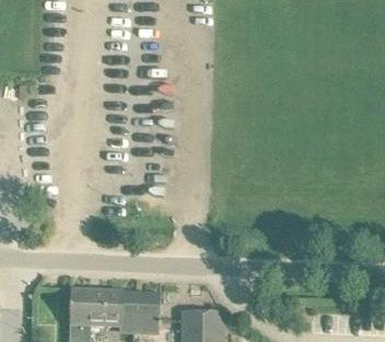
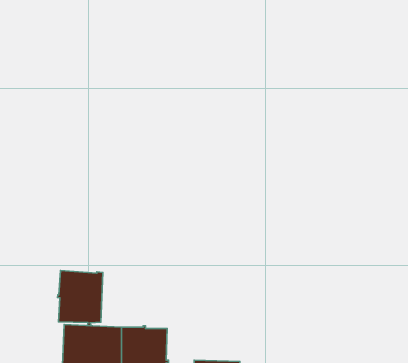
building: none -> [58,271,103,326]

